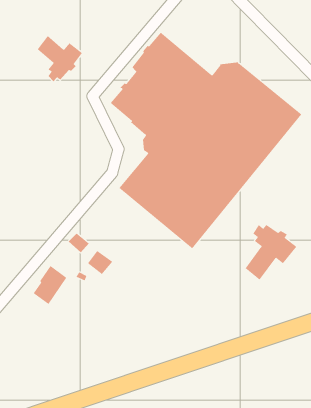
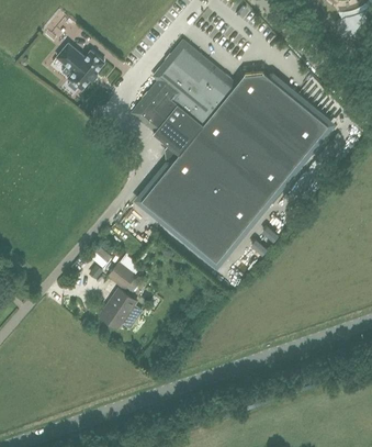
building: [245,224,297,280] -> none
building: [33,265,67,305] -> [101,289,136,329]

